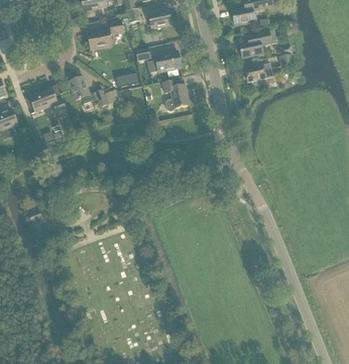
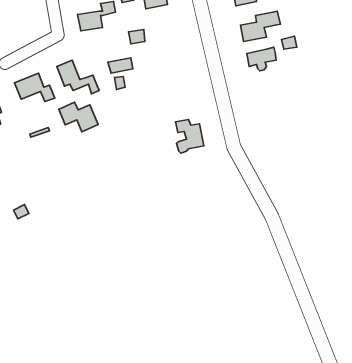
building: [147,49,181,72] -> none
building: [162,80,189,111] -> [176,120,204,153]
building: none -> [59,102,98,132]

